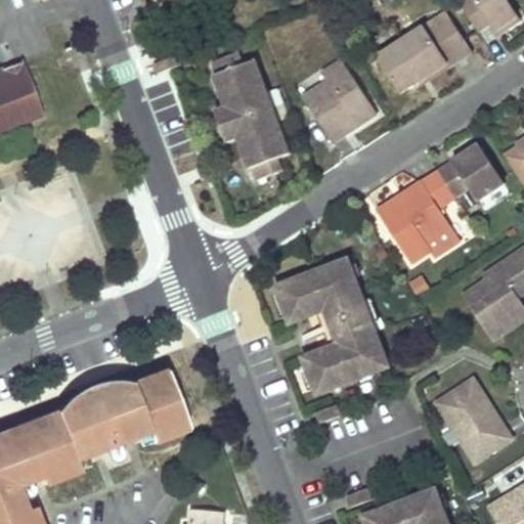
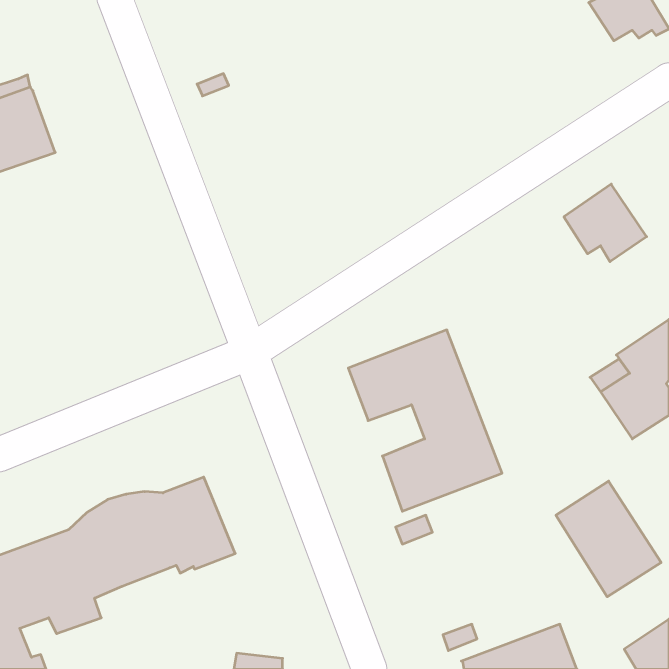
building: [376,12,473,90] -> none
building: [208,52,291,182] -> none
building: [302,59,376,141] -> none
building: [380,169,467,258] -> none

